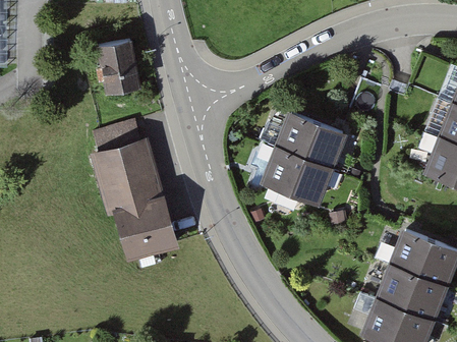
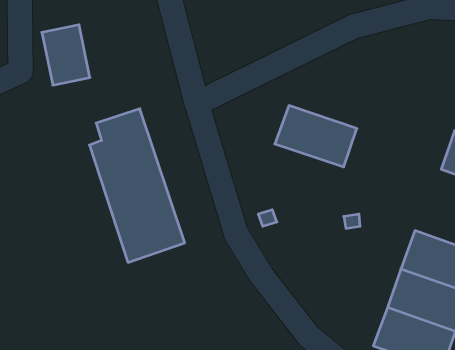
building: [97,36,141,92] -> [42,25,90,85]
building: [256,150,332,207] -> none

